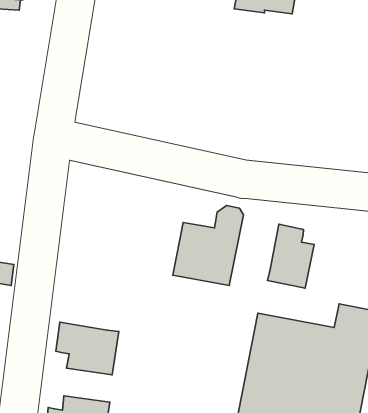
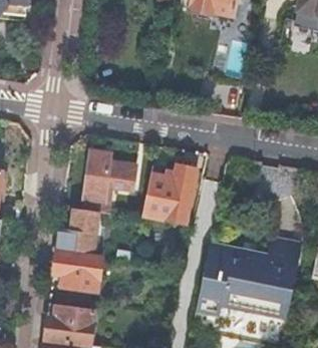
building: none -> [56,151,137,257]
building: [268,224,314,288] -> none

